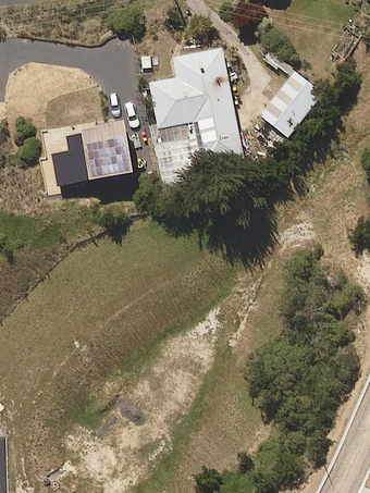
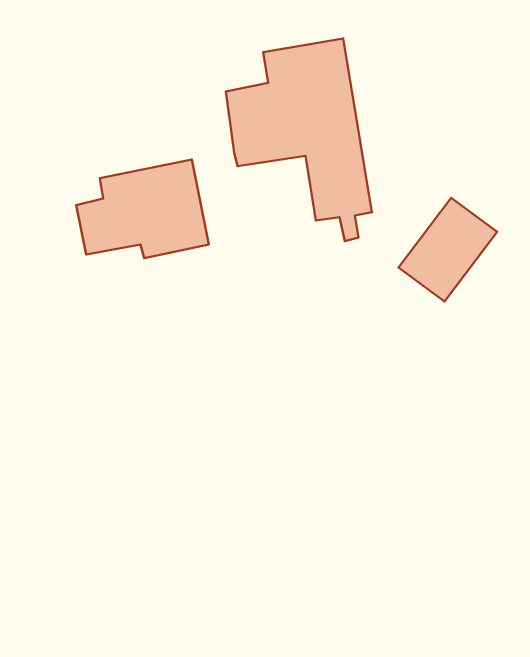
building: [258,71,321,137] -> [398,198,497,302]

